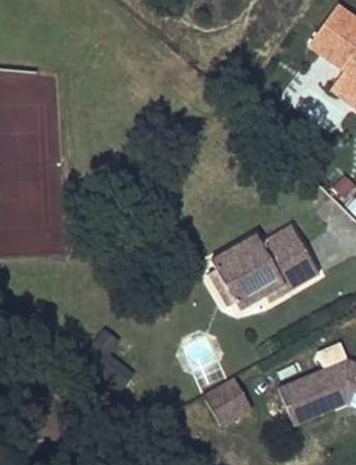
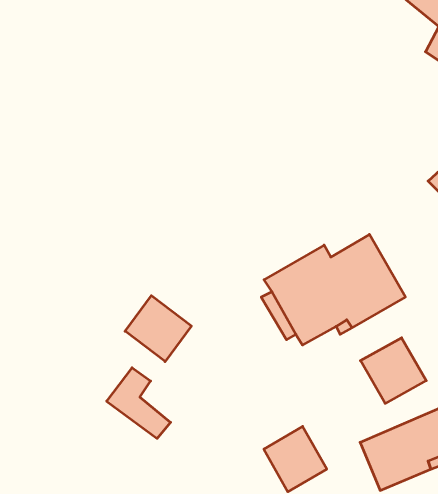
building: none -> [125,296,191,362]
building: none -> [360,338,426,403]

